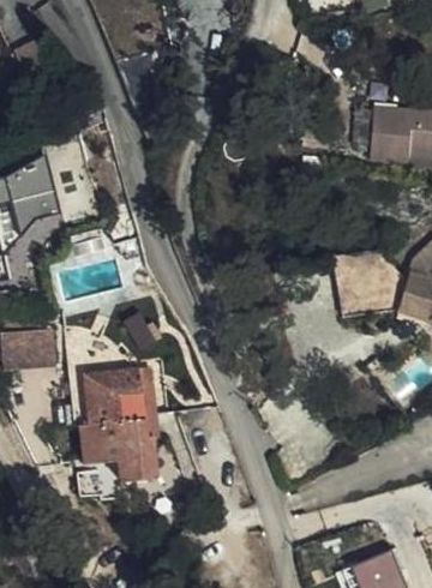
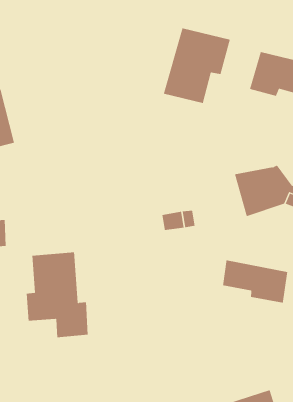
building: none -> [163,28,230,104]
building: none -> [222,259,288,303]

